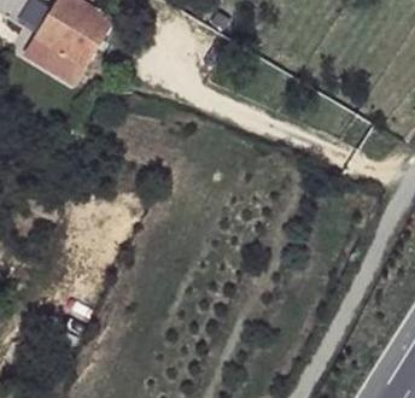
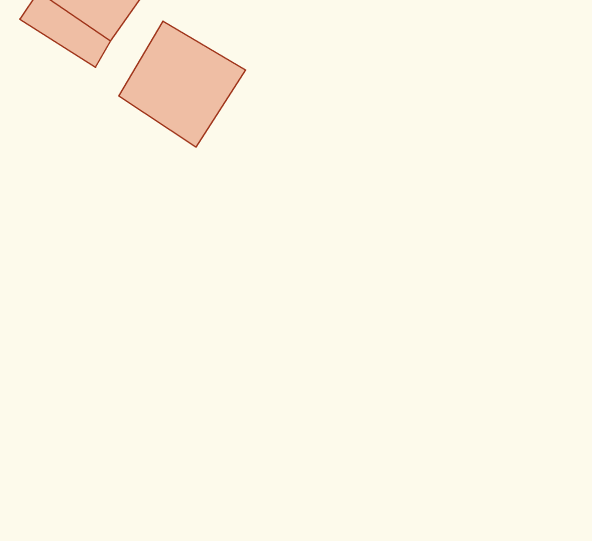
building: none -> [119,21,246,147]

